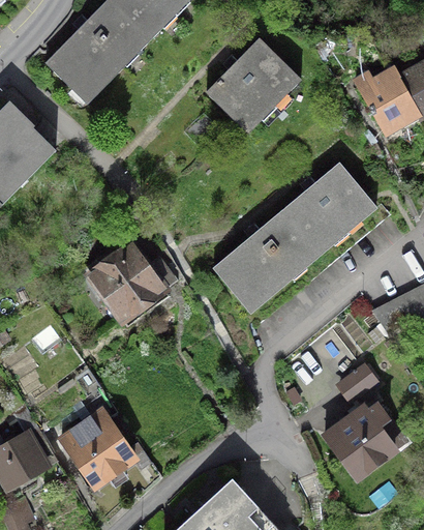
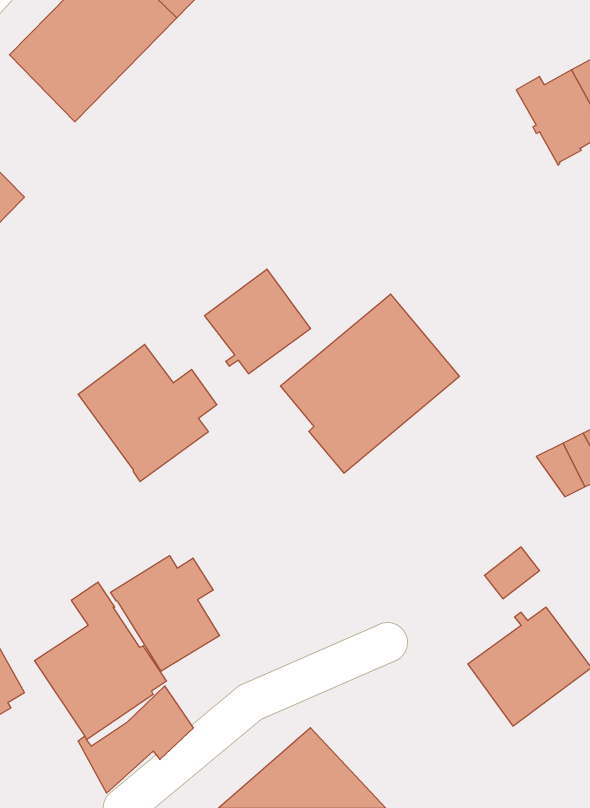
building: [206,40,300,134] -> none
building: [281,165,386,262] -> none
building: none -> [205,269,311,374]
building: none -> [111,556,220,671]

